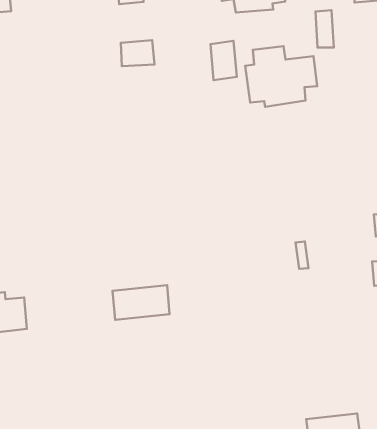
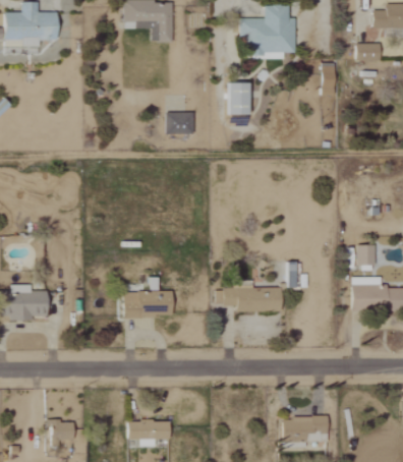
building: [121,40,154,66] -> [166,113,194,134]
building: [245,46,317,107] -> none
building: none -> [217,286,282,311]

